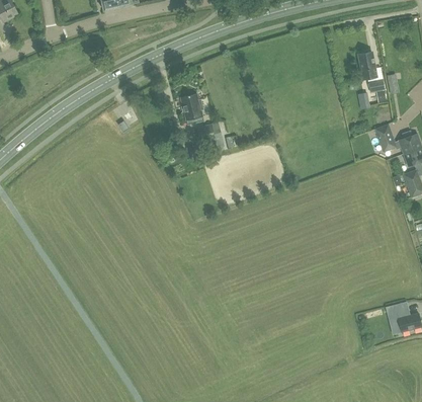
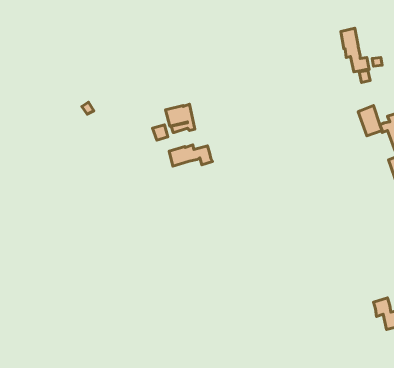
building: [180,92,202,124] -> none
building: none -> [169,145,212,166]

